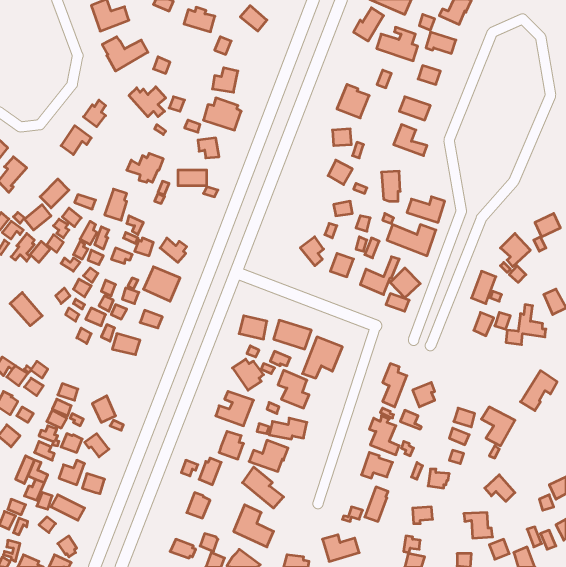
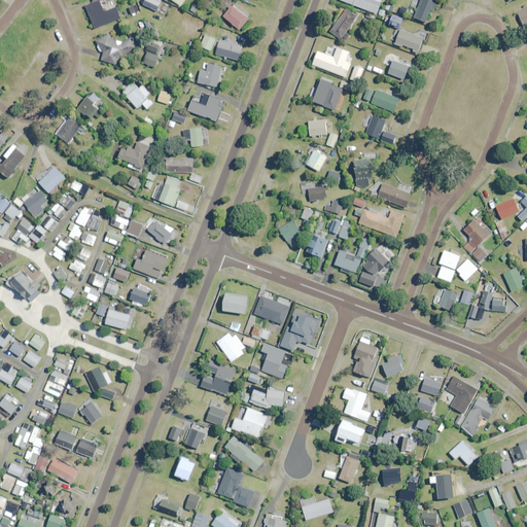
building: [184,7,215,32] -> [213,37,242,60]
building: [377,27,418,61] -> [312,45,350,76]
building: [105,189,127,220] -> [159,177,179,206]
building: [520,371,557,411] -> [459,397,493,434]

